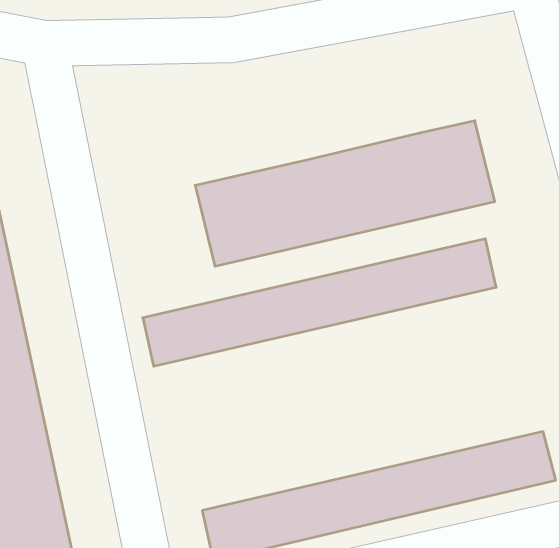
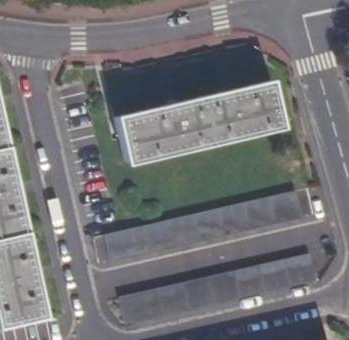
building: [143,239,496,366] -> [109,192,306,263]

